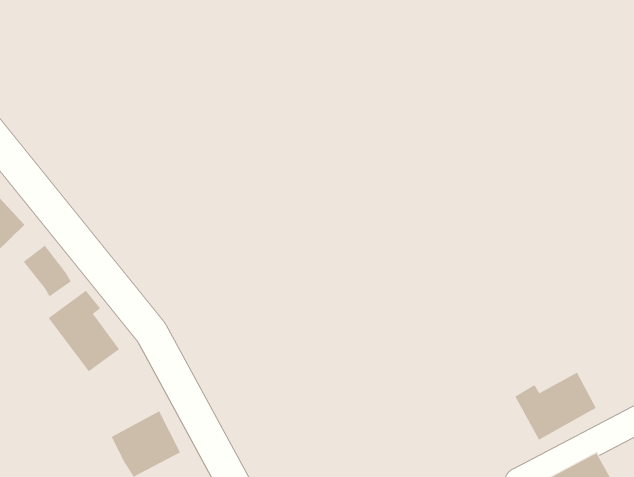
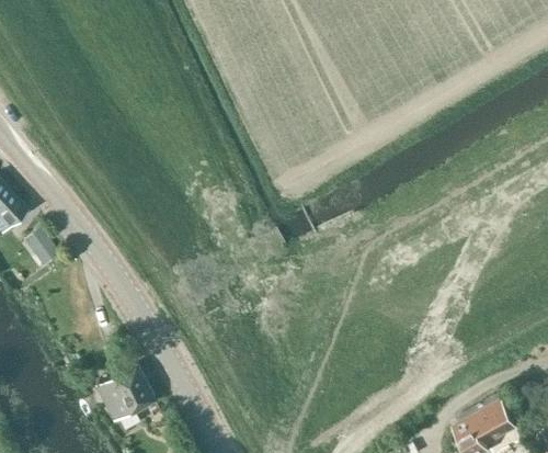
building: [48,290,120,372] -> none
building: [515,372,597,440] -> none

